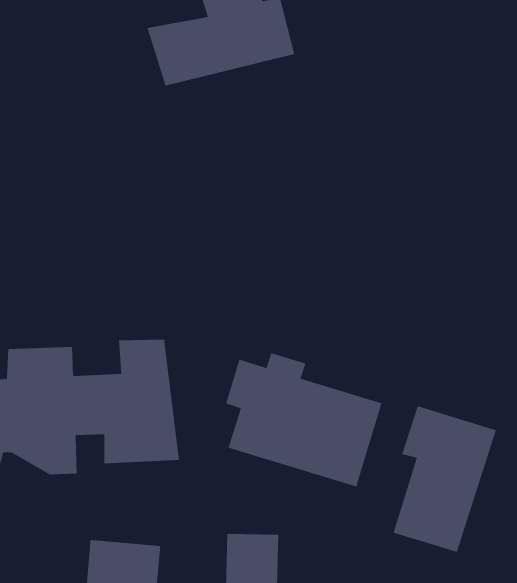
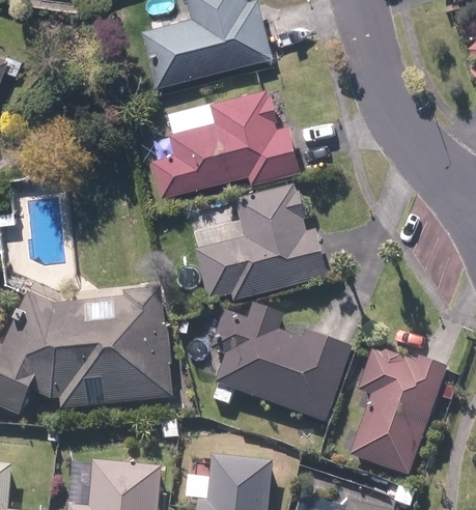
building: none -> [153,90,299,194]
building: none -> [199,187,349,296]

